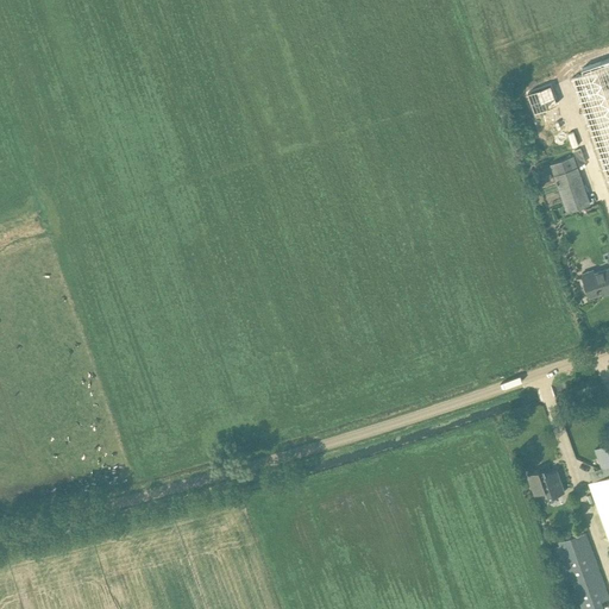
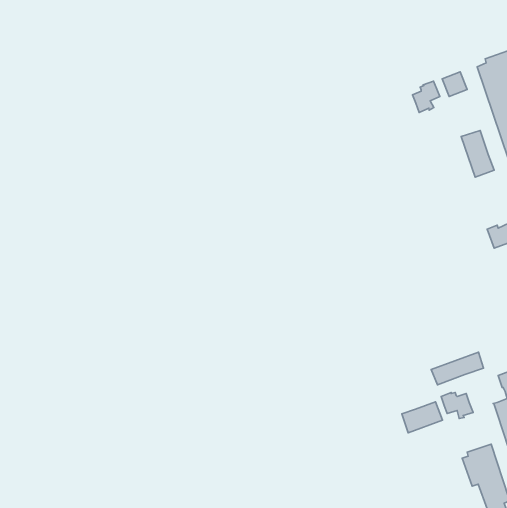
building: none -> [412,81,440,112]
building: none -> [431,352,484,385]
building: none -> [402,402,443,433]

